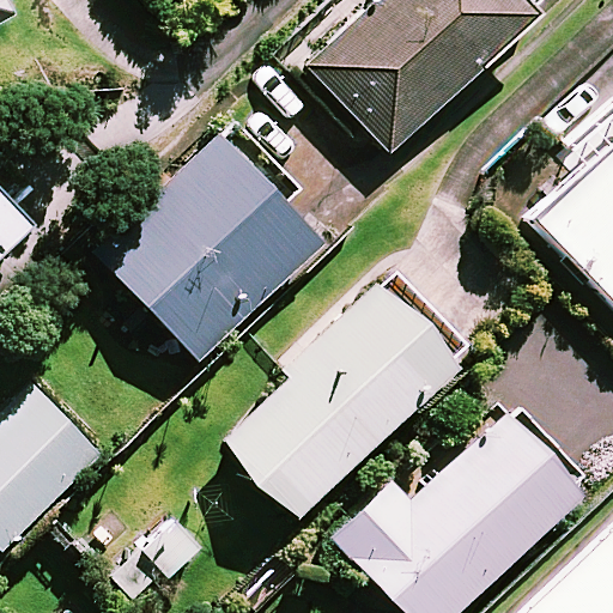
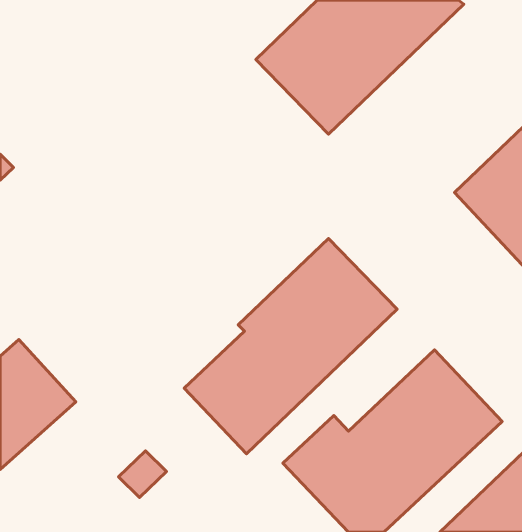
building: [90,128,318,366] -> none

